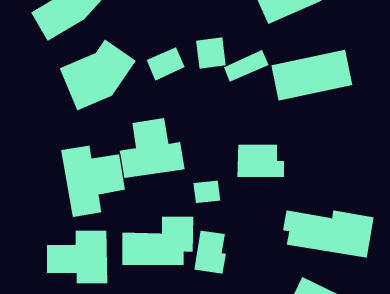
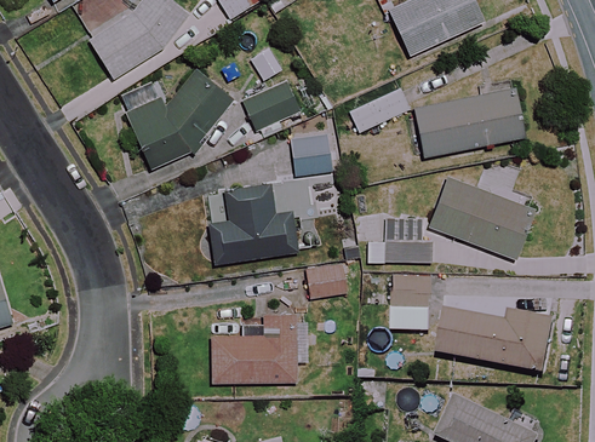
building: [195,37,227,69] -> [290,131,332,174]
building: none -> [427,176,534,257]
building: [61,145,125,218] -> none
building: [47,230,108,284] -> none
building: [194,230,227,274] -> [388,272,433,332]

